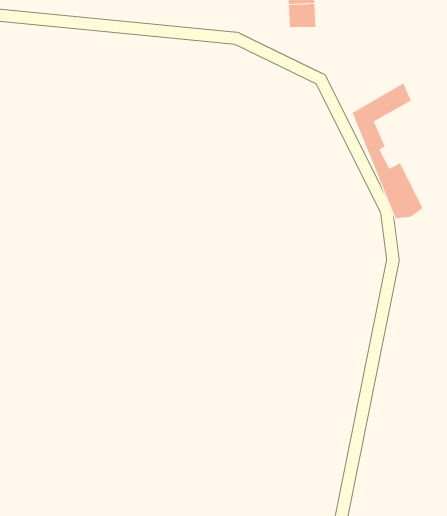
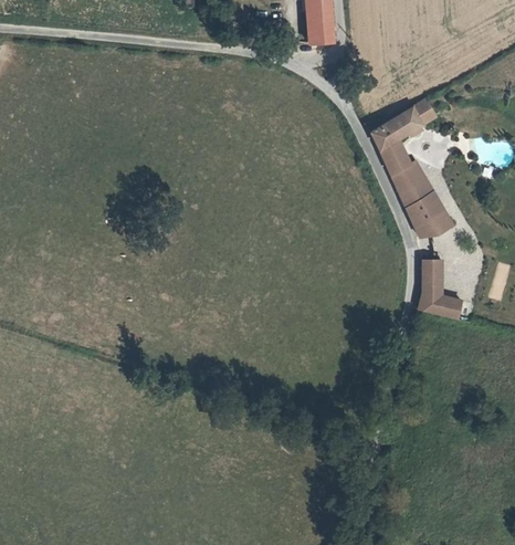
building: none -> [419,259,462,318]

